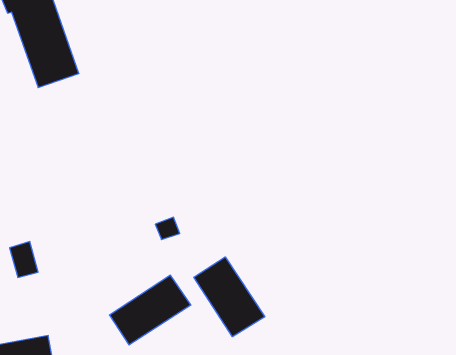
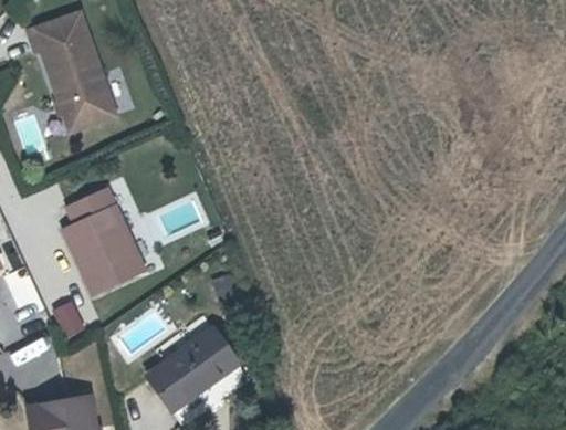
building: none -> [69,192,147,295]
building: [194,257,265,337] -> none

